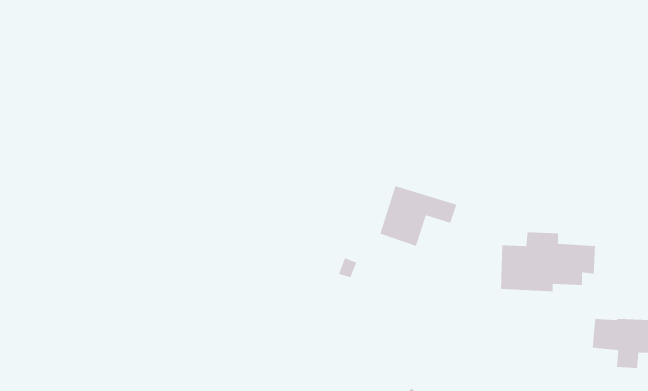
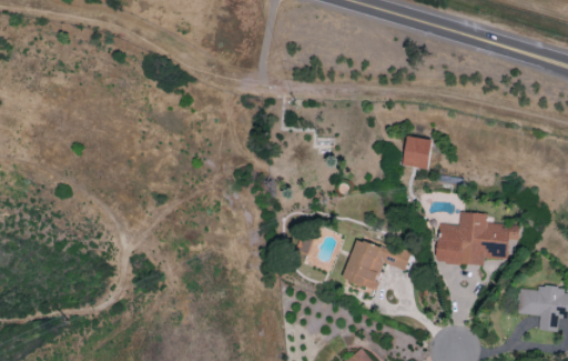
building: none -> [399,136,432,168]
building: [379,185,457,247] -> [343,237,410,290]

